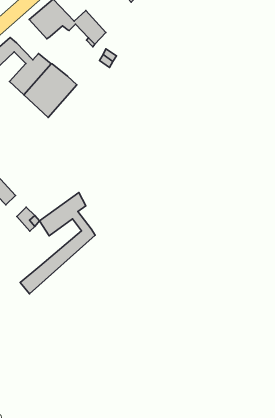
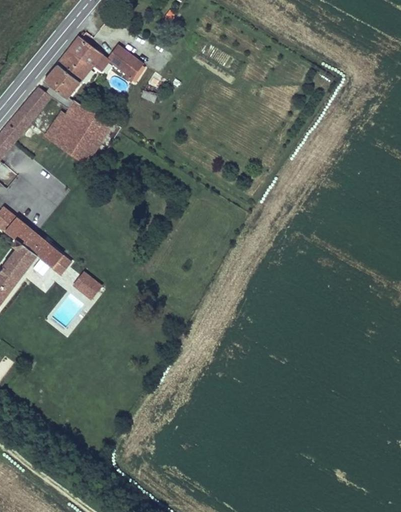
building: none -> [43,64,79,108]
building: [20,192,95,294] -> none

